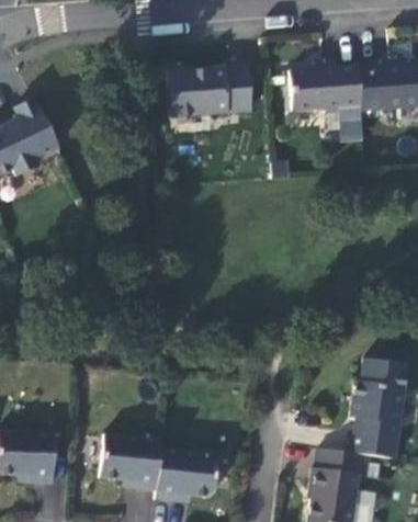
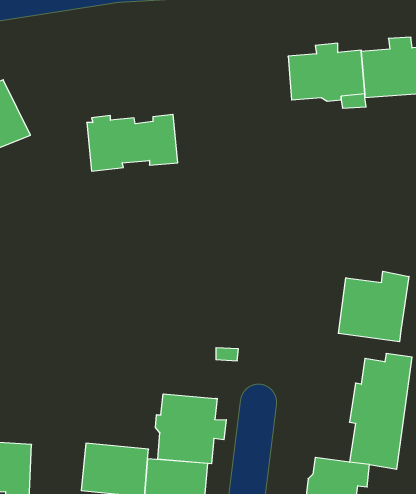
building: [170,68,255,121] -> [87,114,178,171]
building: none -> [338,271,409,342]
building: none -> [155,394,226,464]

